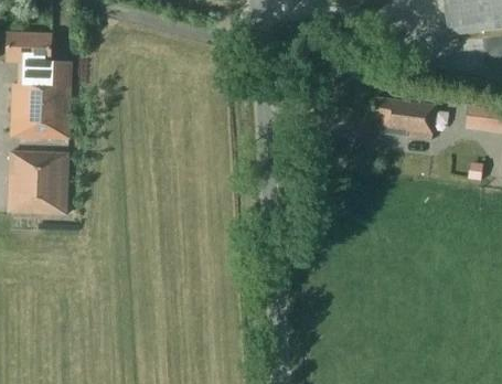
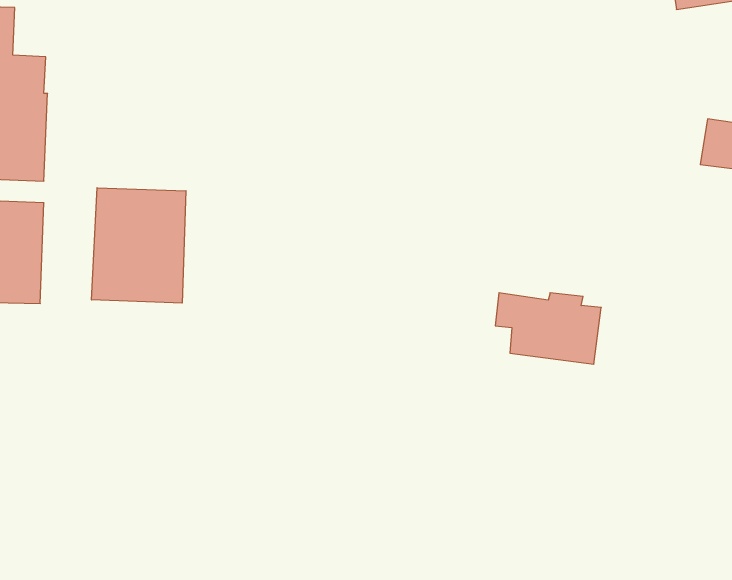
building: [373,96,437,139] -> [495,293,601,364]
building: none -> [92,188,186,303]

